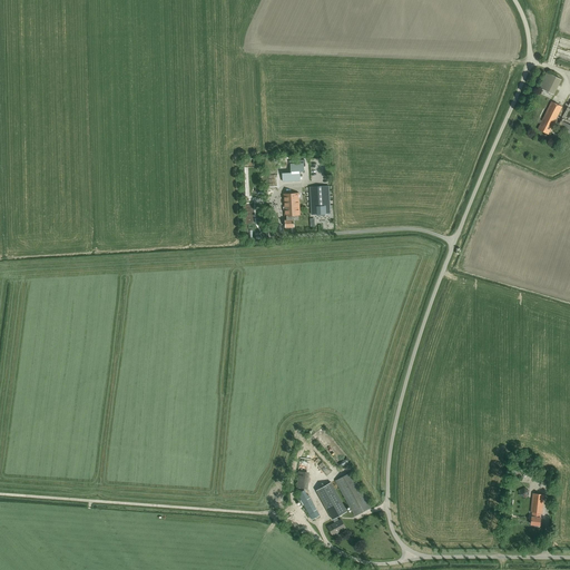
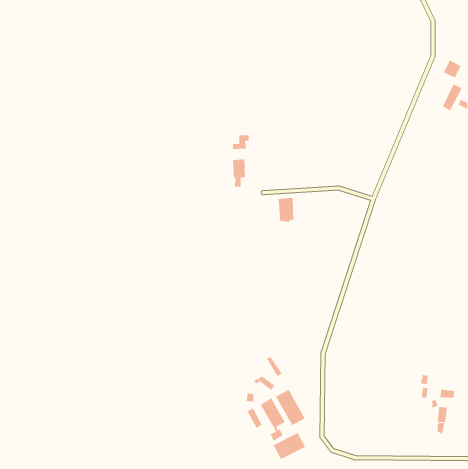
building: [308,186,328,216] -> [278,198,294,222]
building: none -> [273,432,306,460]

